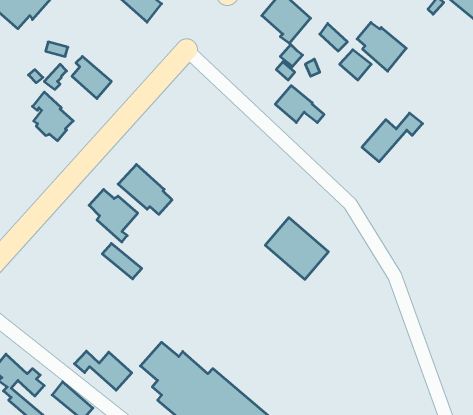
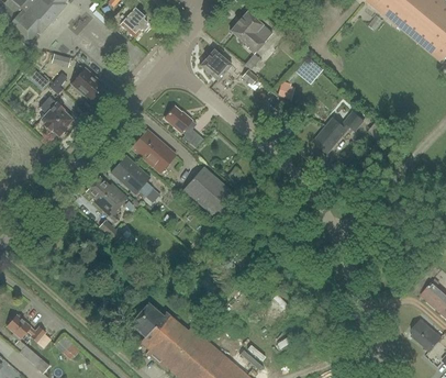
building: [357,22,406,71] -> none
building: [275,86,324,123] -> [201,49,242,80]
building: none -> [164,105,198,144]
building: none -> [132,129,176,171]
building: [265,218,328,279] -> [183,166,236,218]
building: [74,351,132,390] -> none

